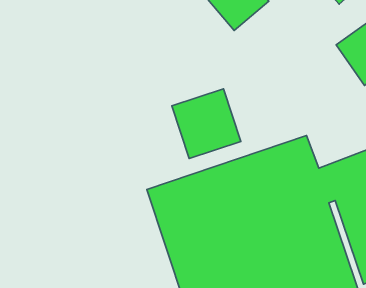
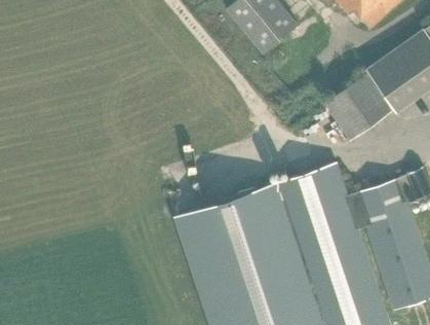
building: none -> [324,74,392,140]
building: [172,89,241,158] -> none

